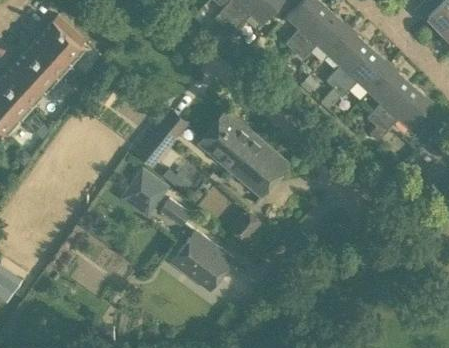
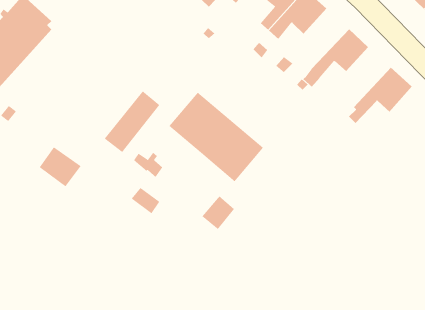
building: [325,29,370,87] -> none
building: [366,66,410,124] -> none
building: [126,168,167,207] -> [39,147,82,187]
building: [170,230,232,291] -> none

